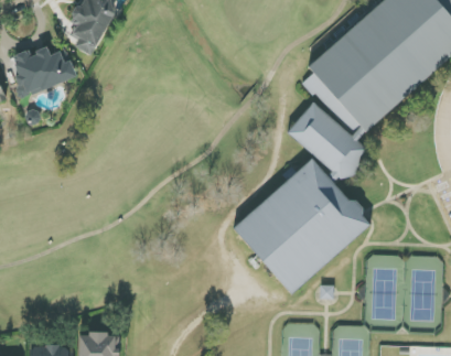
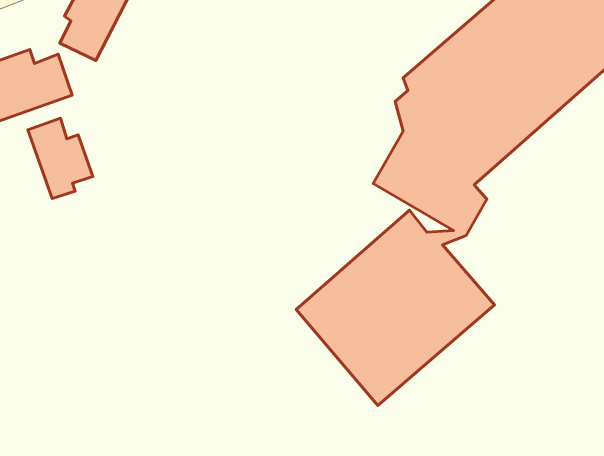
building: none -> [28,118,93,198]

